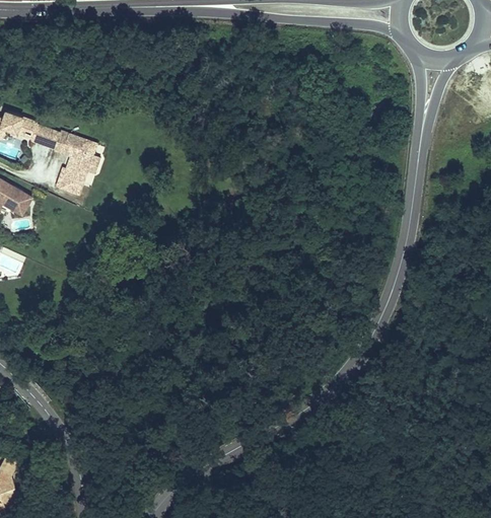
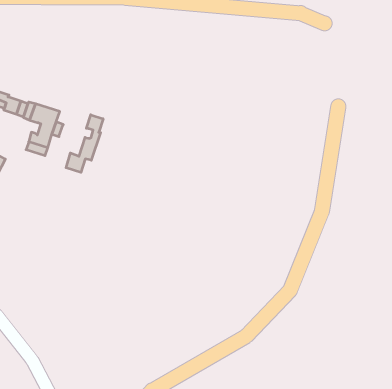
building: none -> [66,115,103,172]

